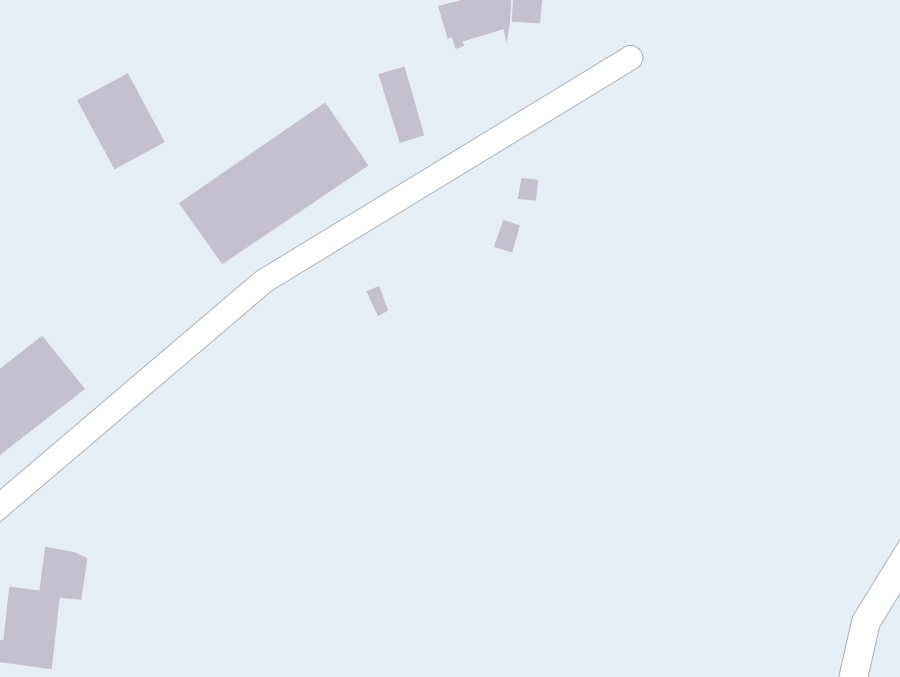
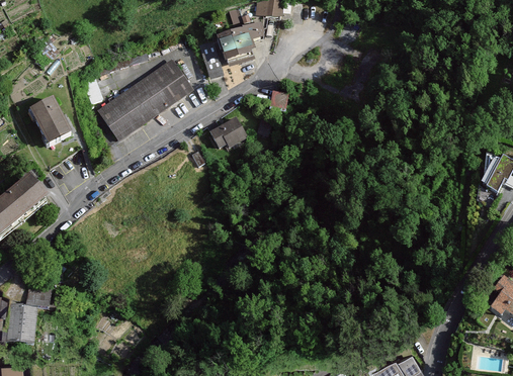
building: none -> [215,22,264,66]
building: [76,72,166,170] -> [27,99,73,149]
building: none -> [209,117,249,151]

